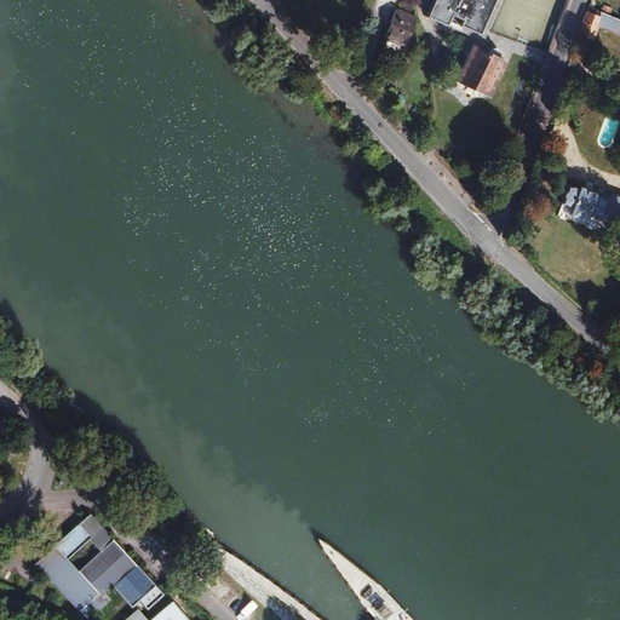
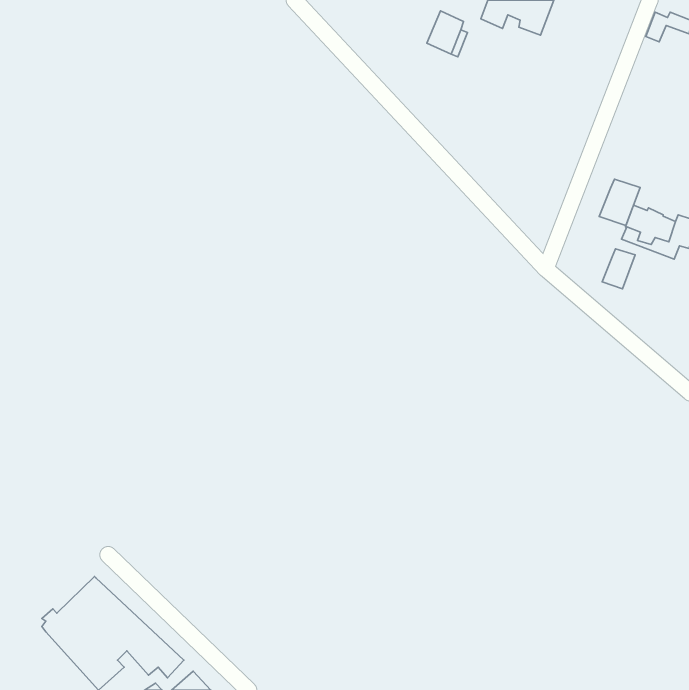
building: [454,50,503,91] -> none
building: none -> [599,179,640,226]
building: none -> [602,249,635,289]

